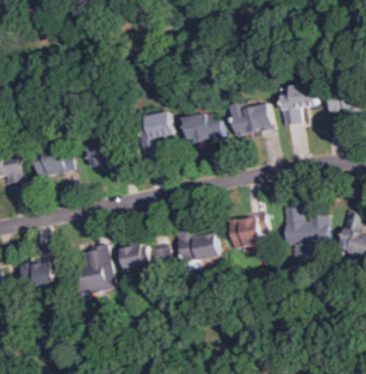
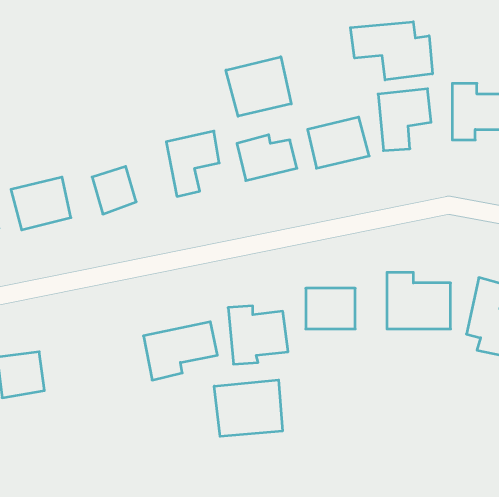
building: none -> [350,22,432,80]
building: none -> [226,57,291,116]
building: [74,245,114,294] -> none
building: none -> [214,380,282,436]

